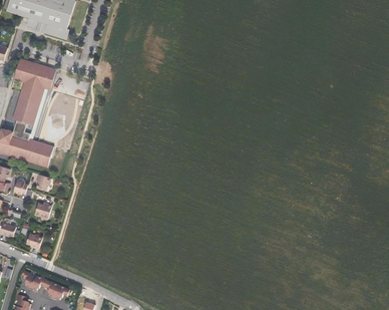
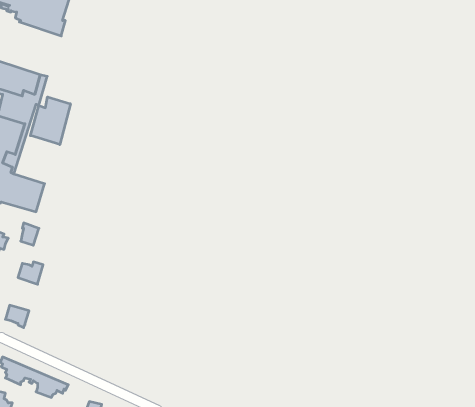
building: none -> [30,97,70,145]

